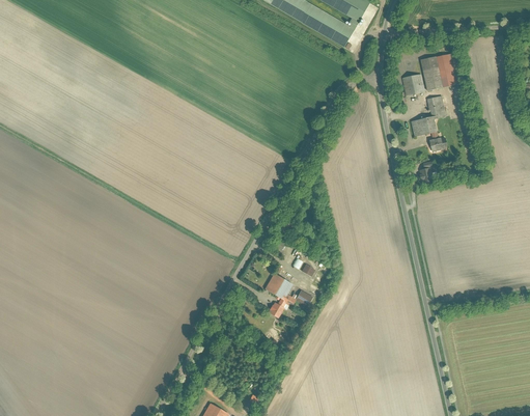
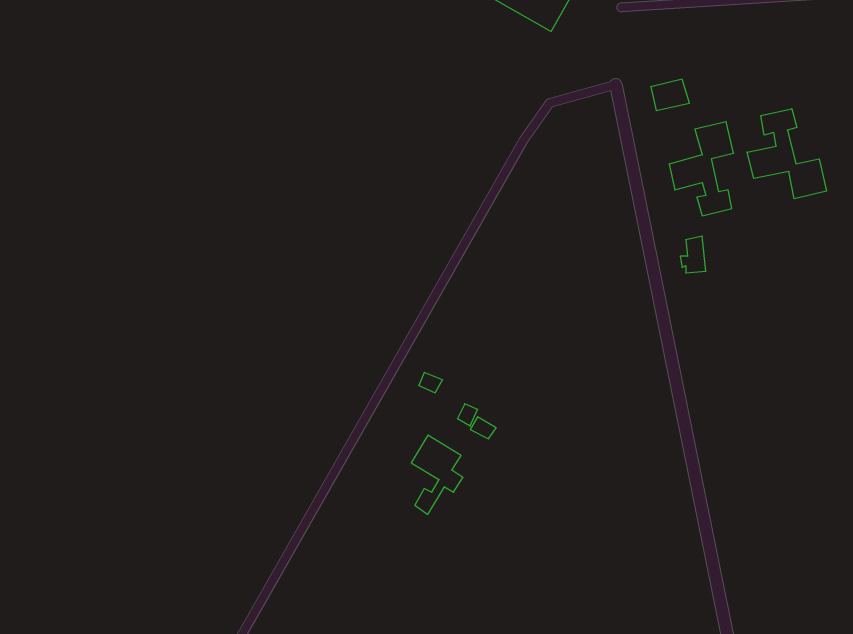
building: [420,55,450,88] -> none
building: none -> [747,109,827,199]

